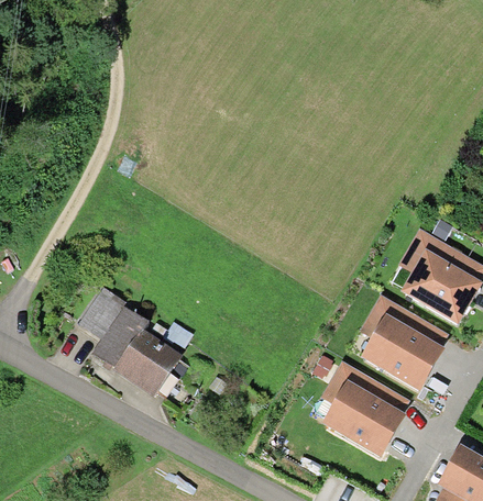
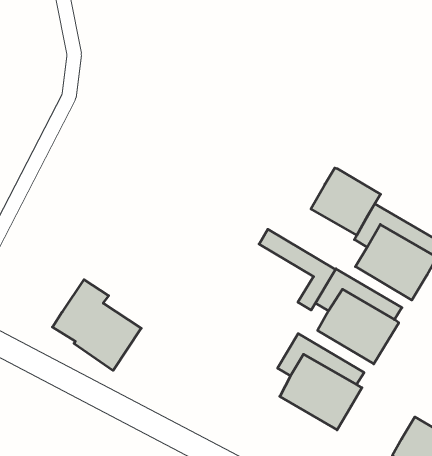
building: none -> [311,168,381,235]
building: none -> [259,229,335,310]
building: [78,288,125,338] -> none

